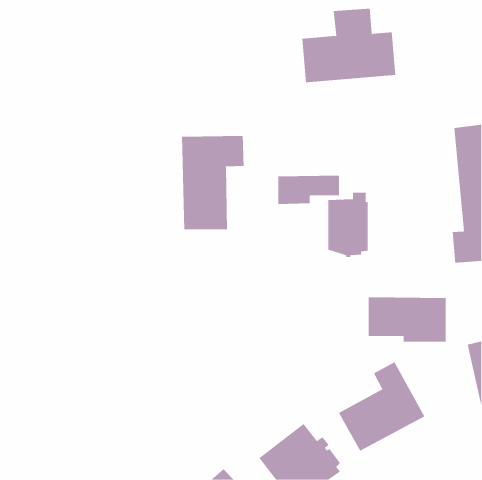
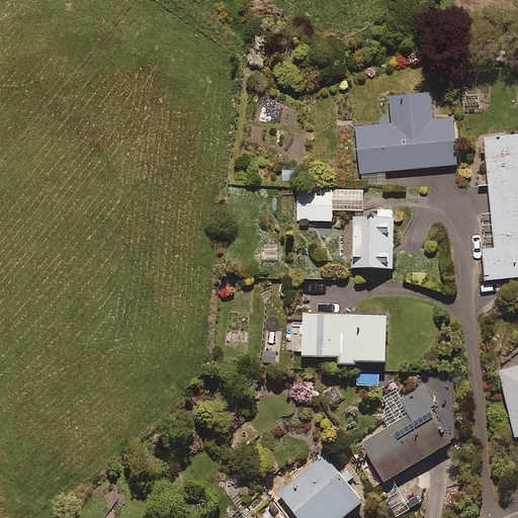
building: [301,8,396,83] -> [355,92,456,172]
building: [182,135,244,230] -> none
building: [368,297,446,342] -> [303,317,386,365]

